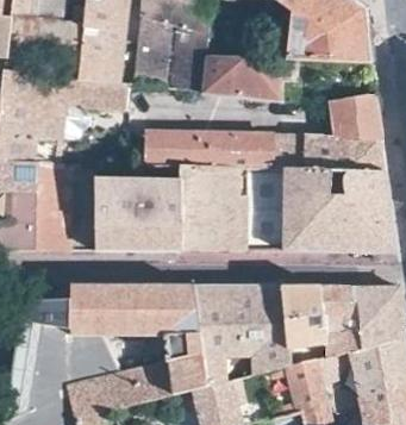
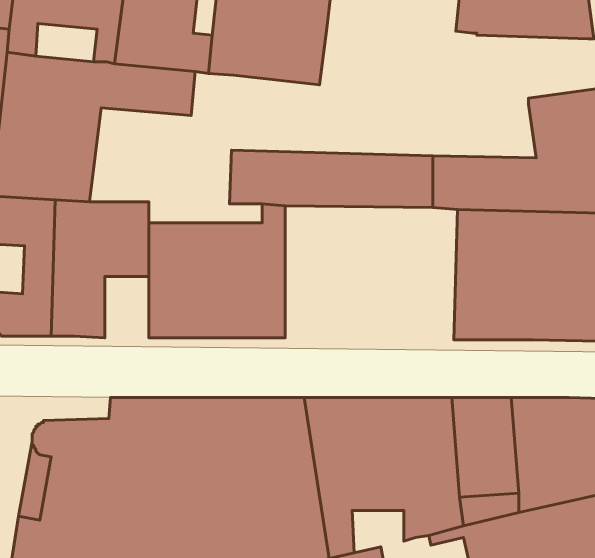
building: [202,55,298,99] -> none
building: [181,167,288,250] -> none

